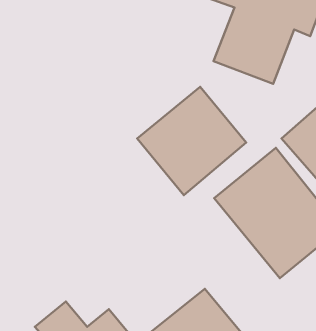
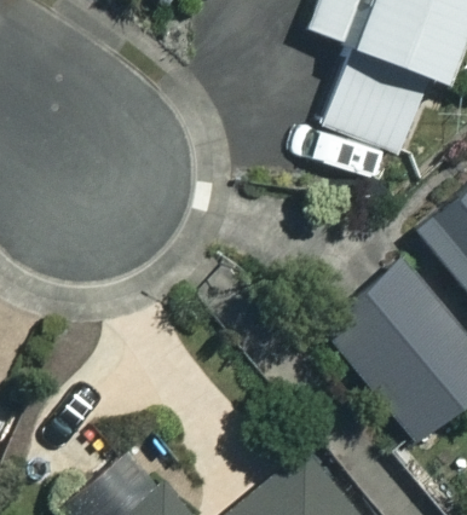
building: [137,87,246,195] -> none

